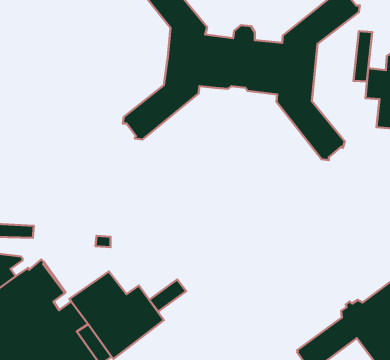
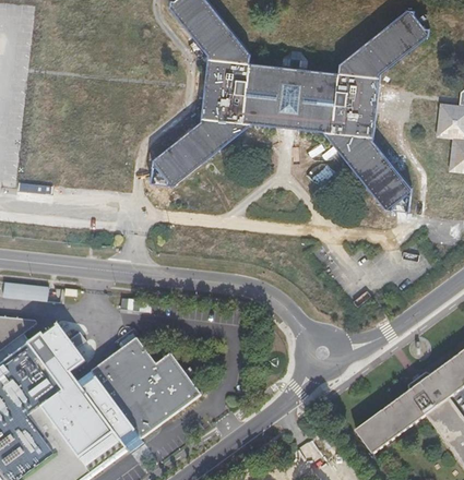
building: [353,31,372,82] -> none
building: [149,280,186,312] -> none

